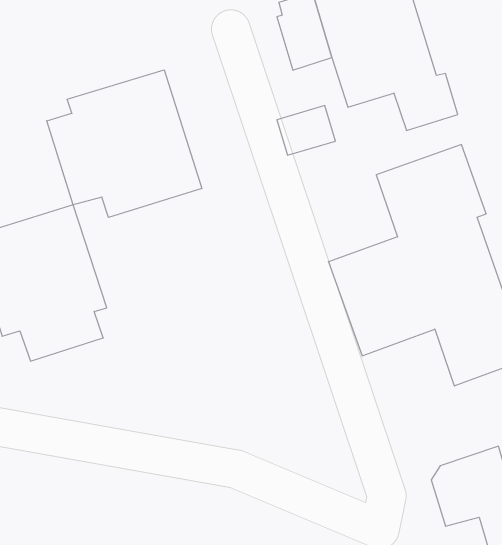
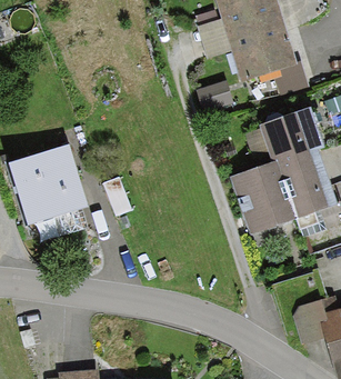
building: [47,70,202,217] -> none

